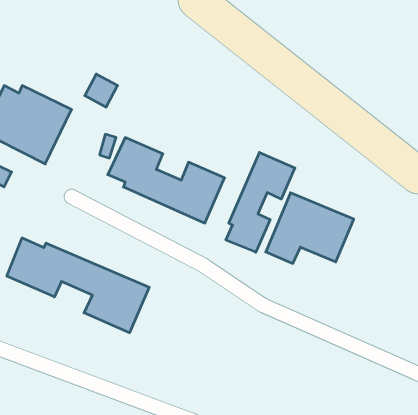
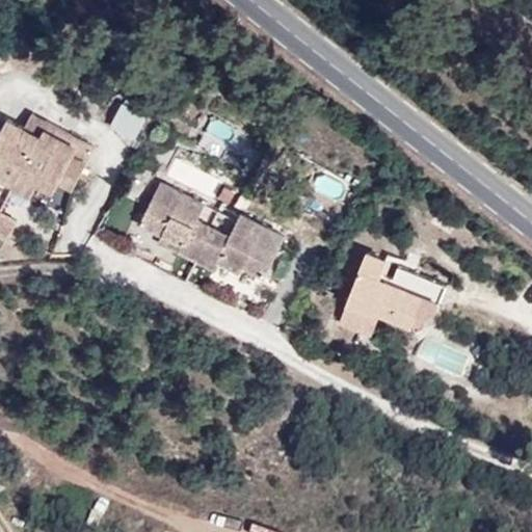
building: [226,152,295,252] -> none
building: [7,238,149,333] -> none

